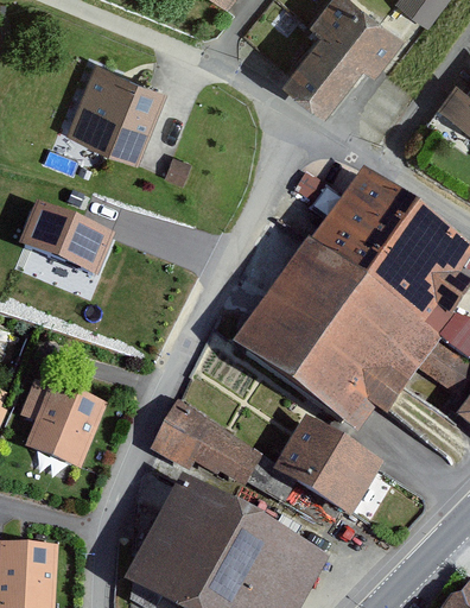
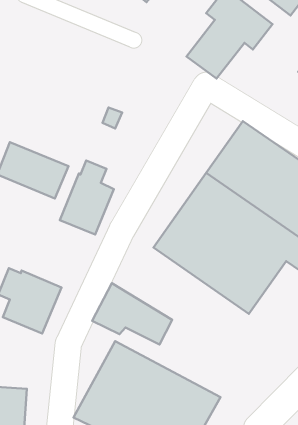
building: [63,58,165,159] -> none
building: none -> [60,160,114,235]
building: [271,418,381,519] -> none

